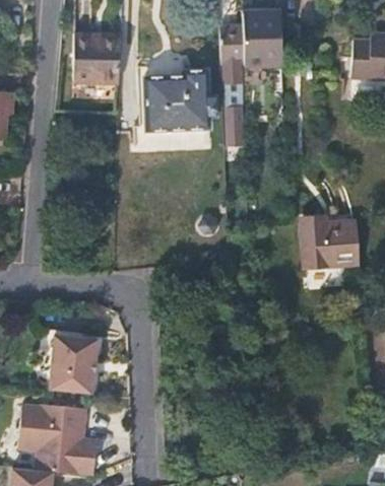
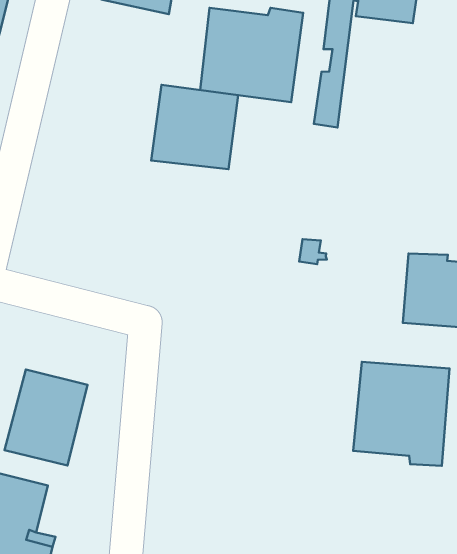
building: none -> [151,85,238,169]
building: none -> [353,362,449,466]

